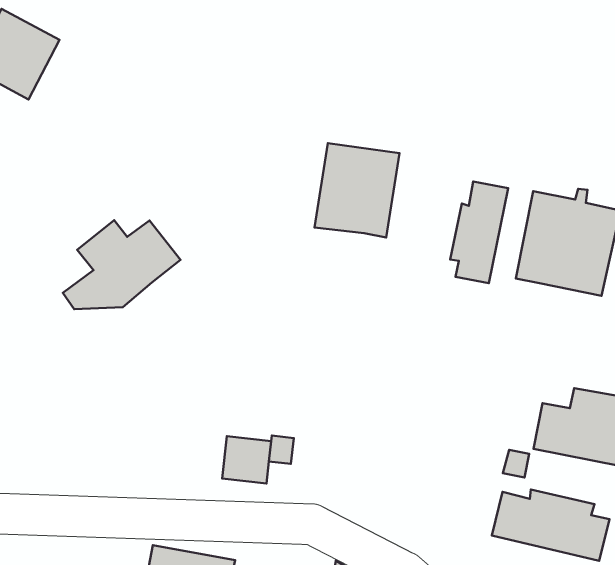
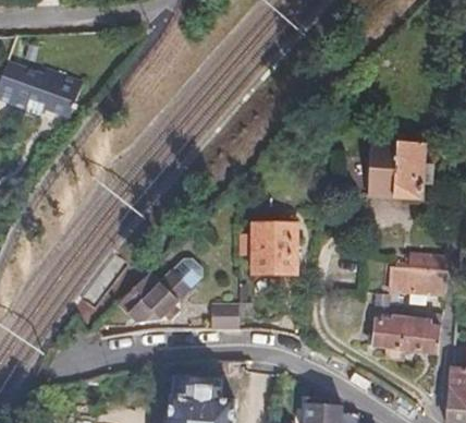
building: [315,143,400,237] -> [248,221,293,273]
building: [450,181,508,283] -> none
building: [63,220,180,309] -> [123,269,189,326]

